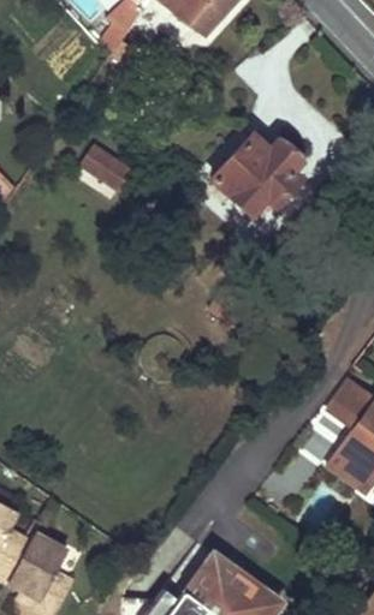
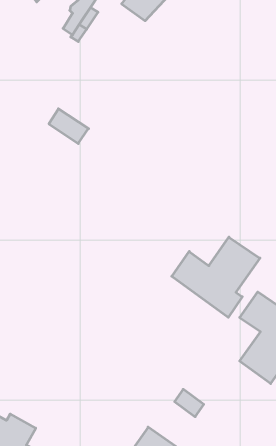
building: [212,137,301,215] -> none
building: none -> [172,237,260,317]

